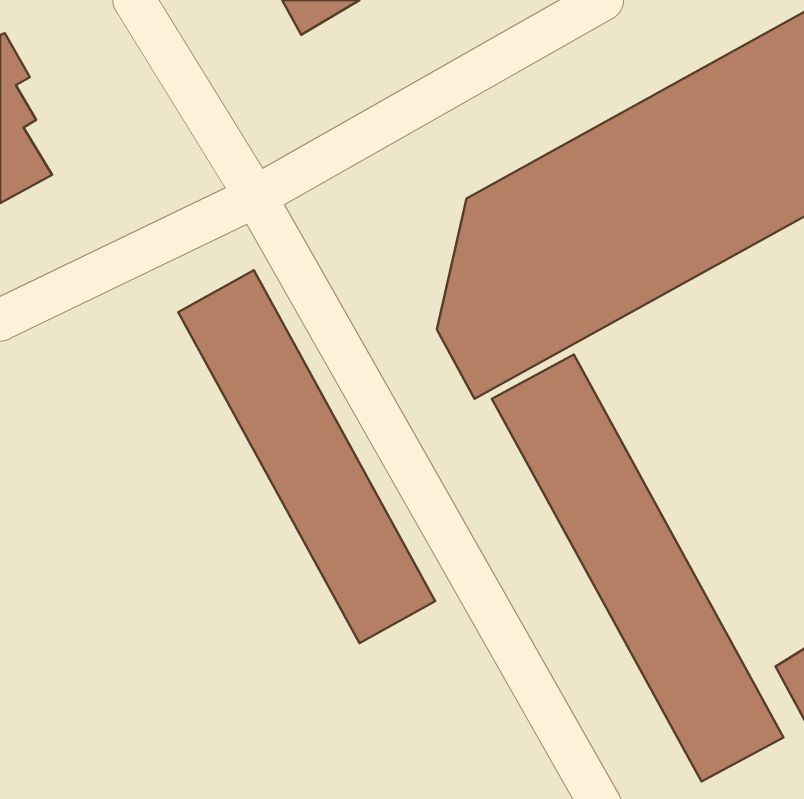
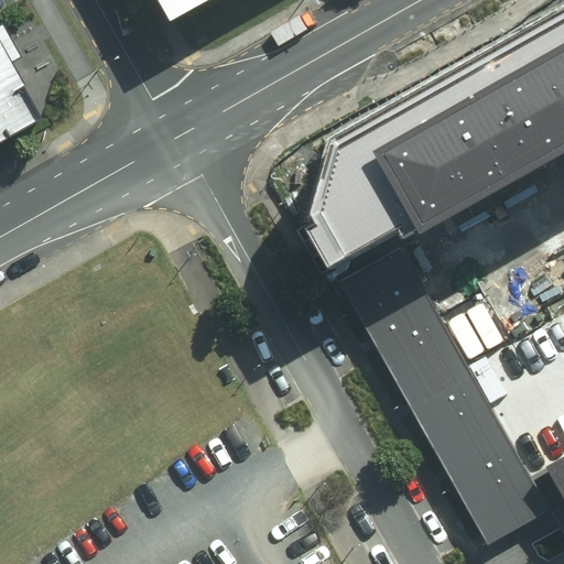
building: [178,270,435,643] -> none

